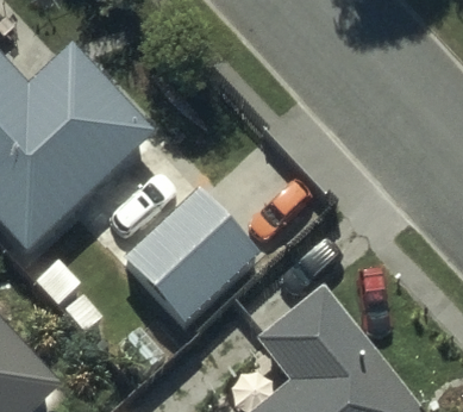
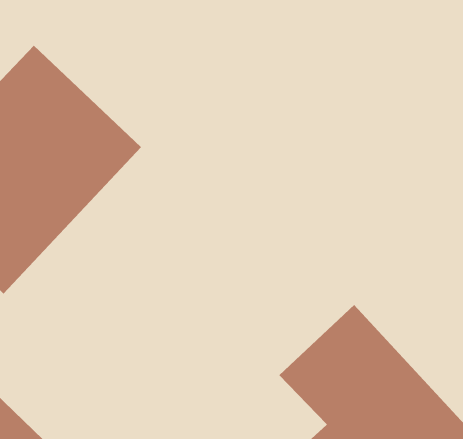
building: [125,186,261,320] -> none

